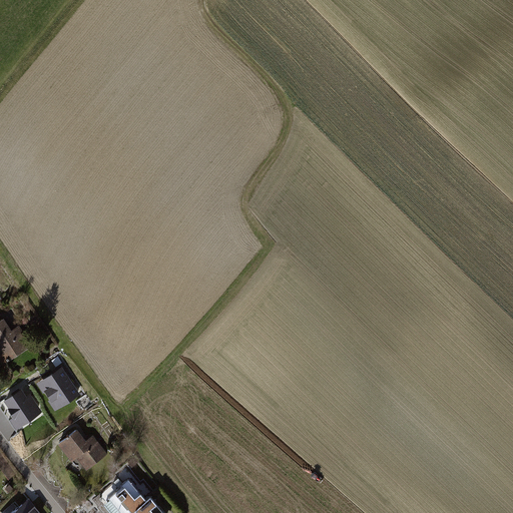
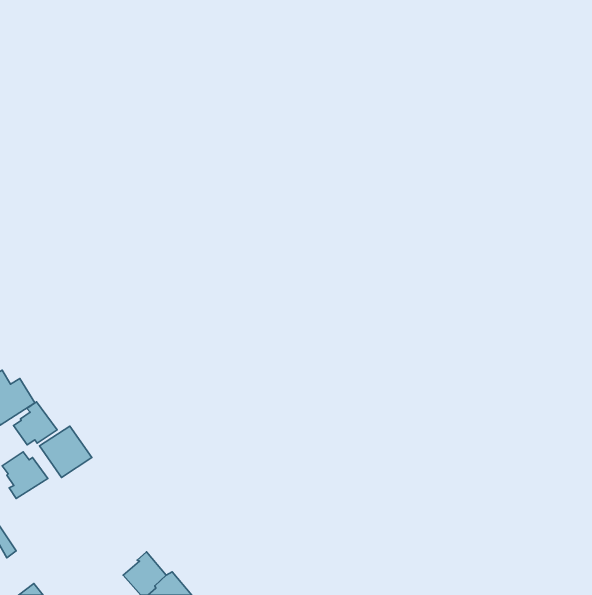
building: none -> [13,402,57,445]
building: [56,430,105,470] -> none

